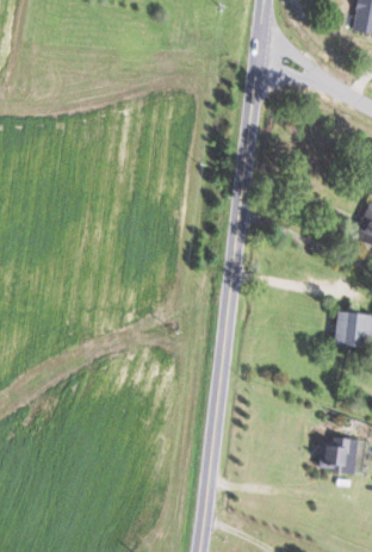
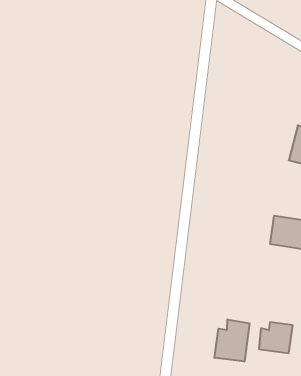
building: none -> [215,319,250,362]

